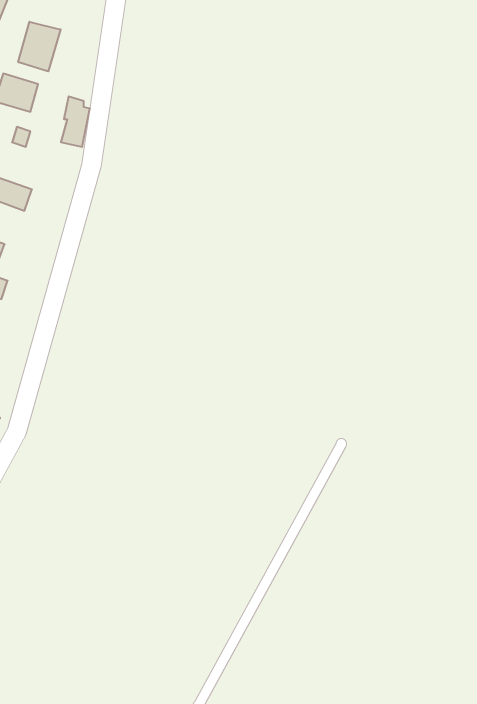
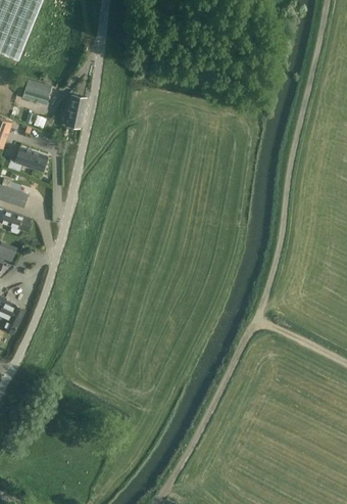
building: [18,22,61,71] -> none

